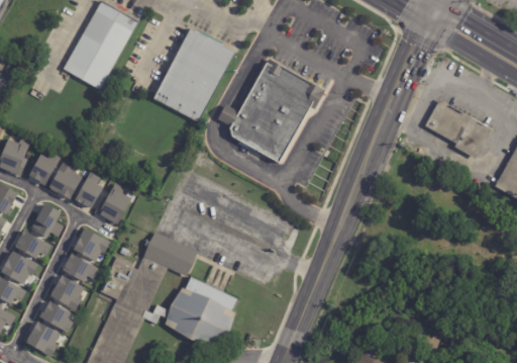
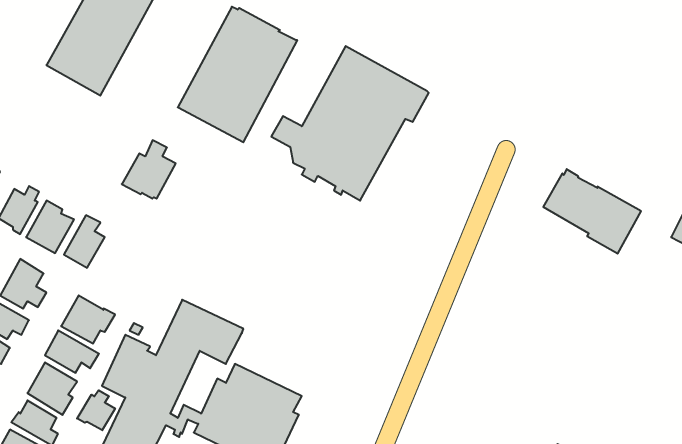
building: [425,99,493,158] -> [543,169,641,254]
building: [92,183,129,223] -> [122,140,176,199]
building: none -> [77,390,115,430]

